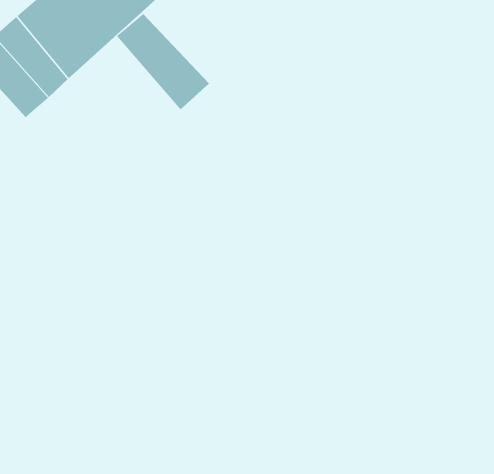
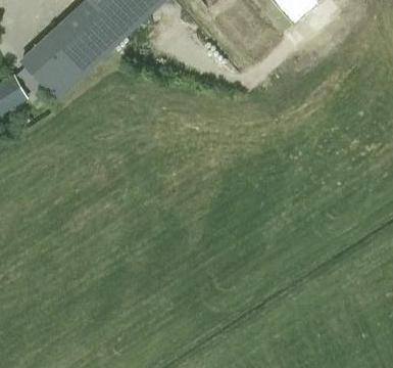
building: [116,13,210,110] -> none

